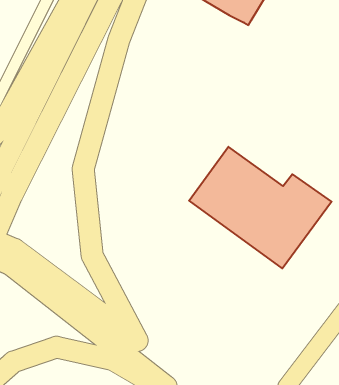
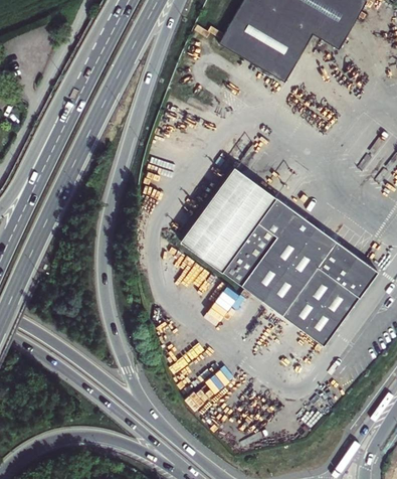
building: none -> [180,169,334,271]

